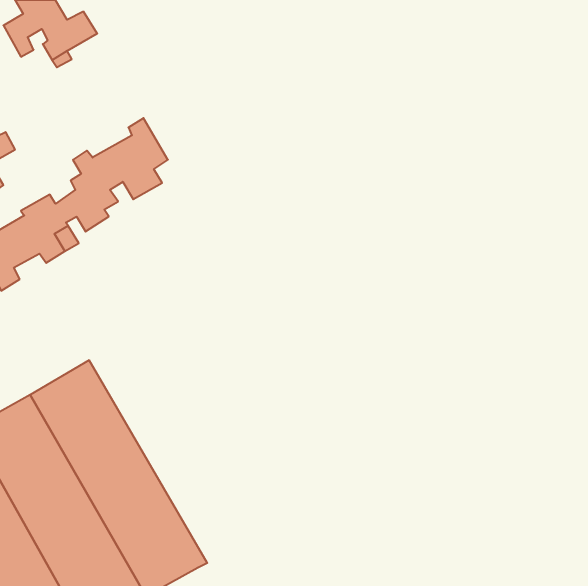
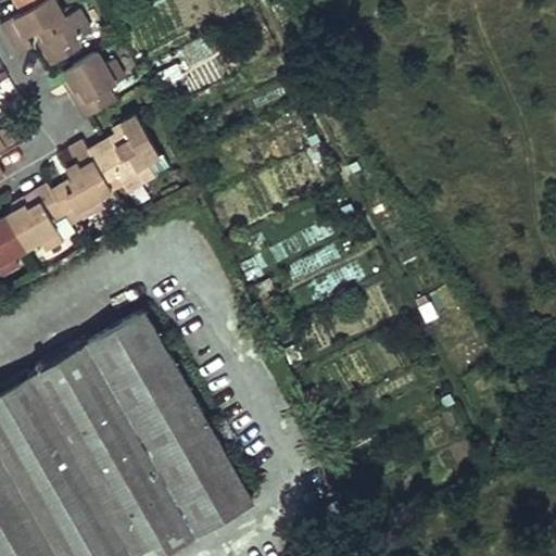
building: none -> [64,56,124,123]
building: none -> [84,311,251,533]

